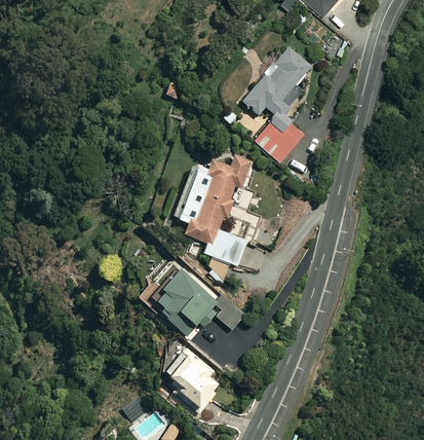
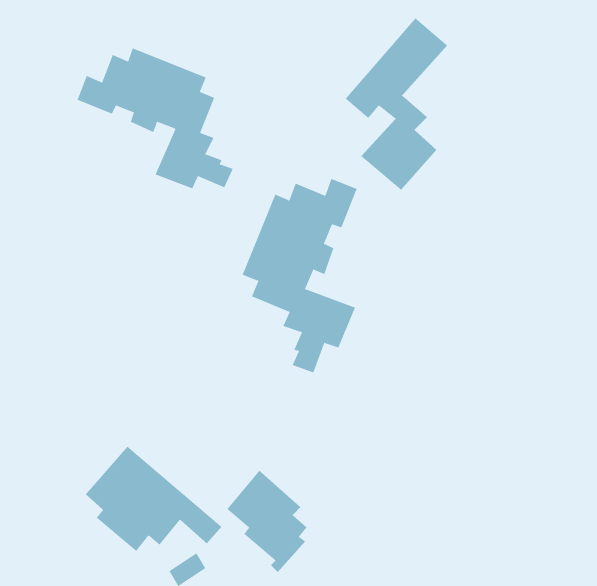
building: none -> [77,47,233,189]
building: [151,263,241,333] -> [85,446,222,552]

